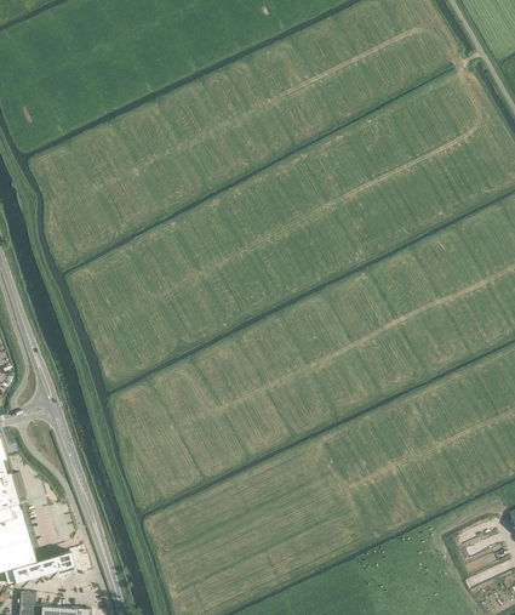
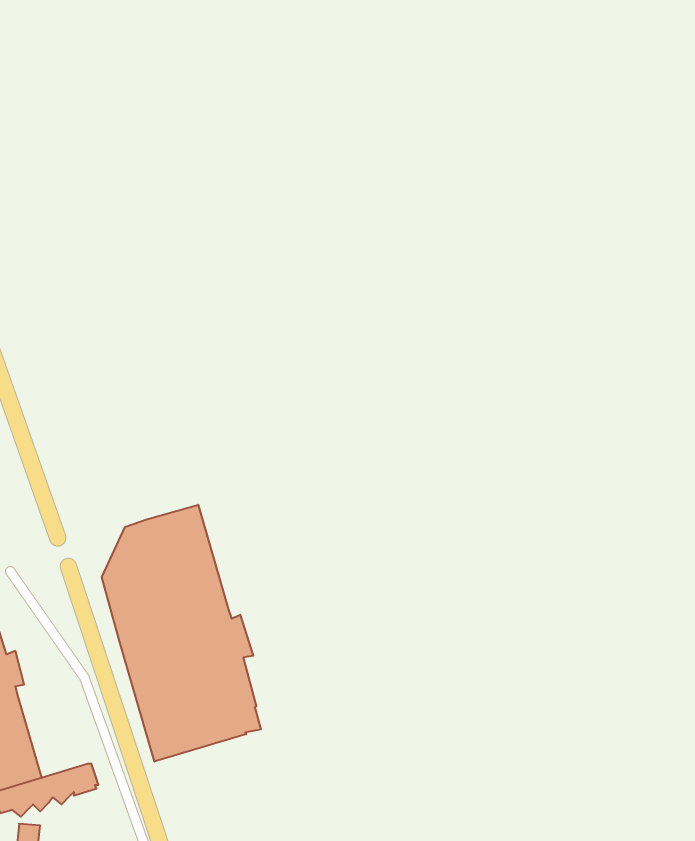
building: none -> [102,505,261,762]

